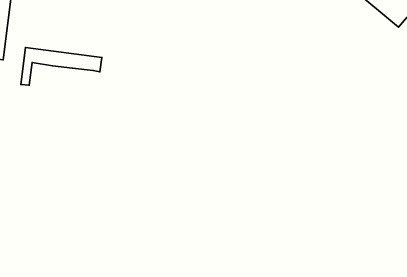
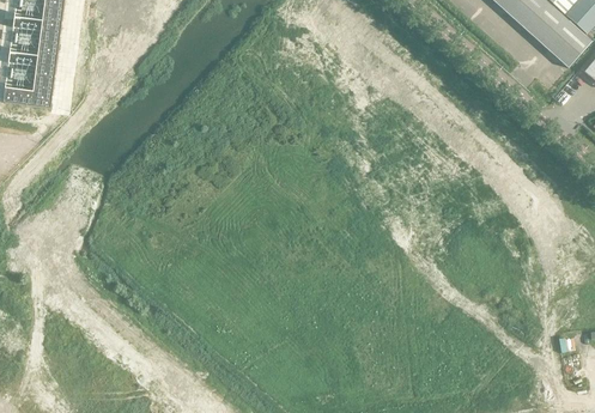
building: [21,47,102,85] -> none

